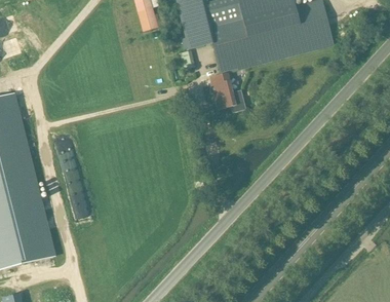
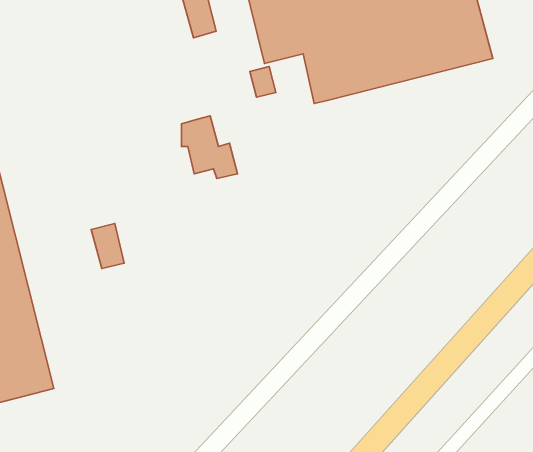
building: [209,72,245,112] -> [181,116,238,179]
building: none -> [91,224,124,269]

